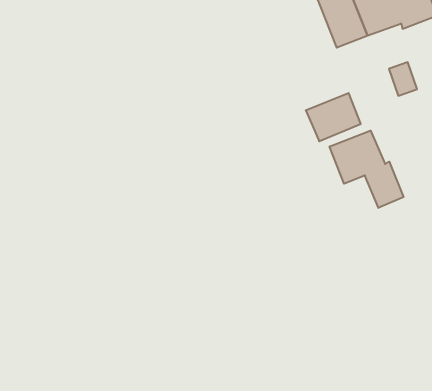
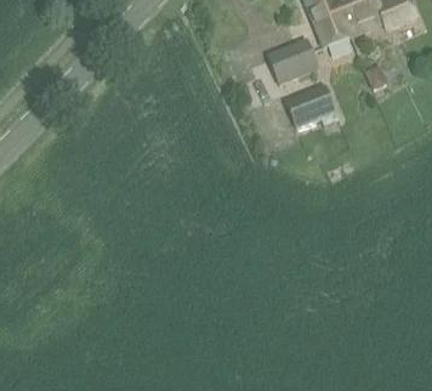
building: none -> [266,35,318,81]
building: [330,131,404,208] -> none

